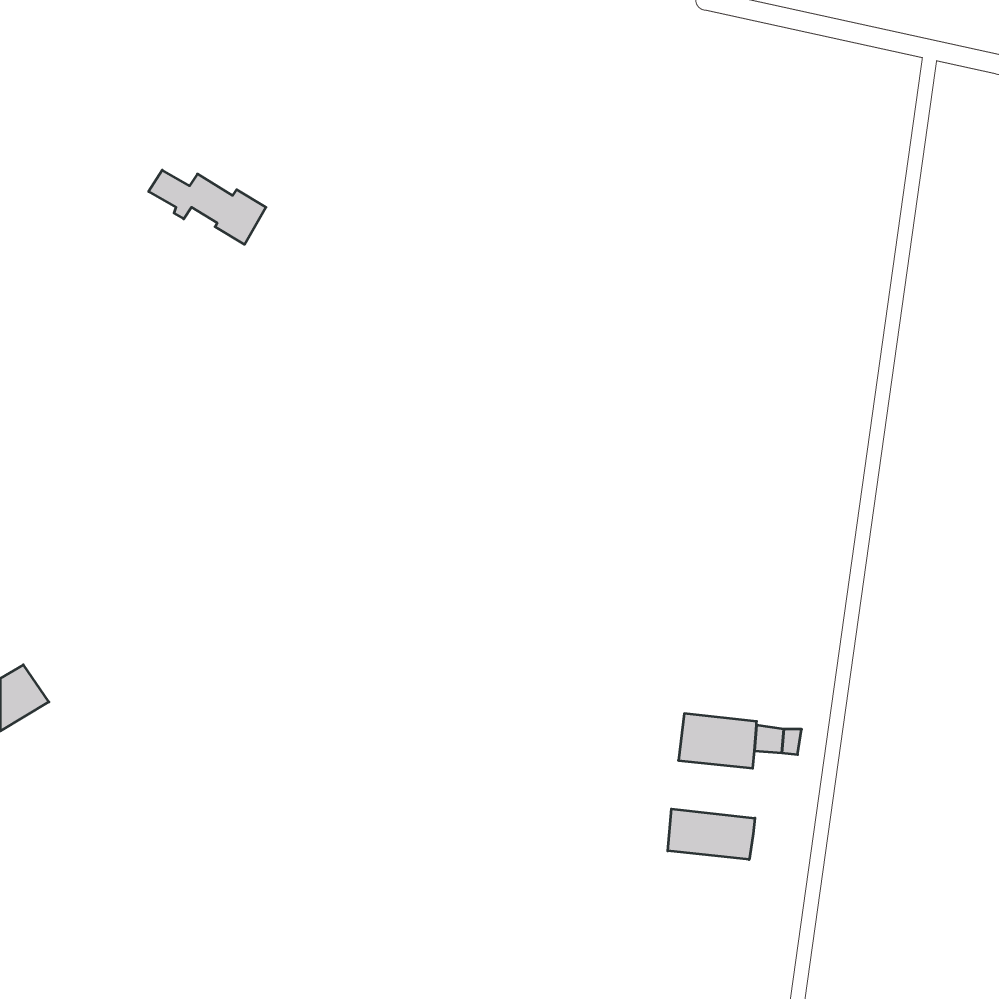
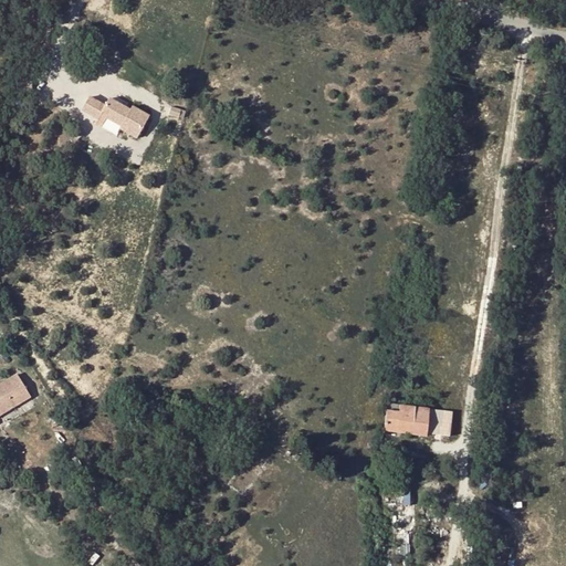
building: [668,809,755,860] -> none

